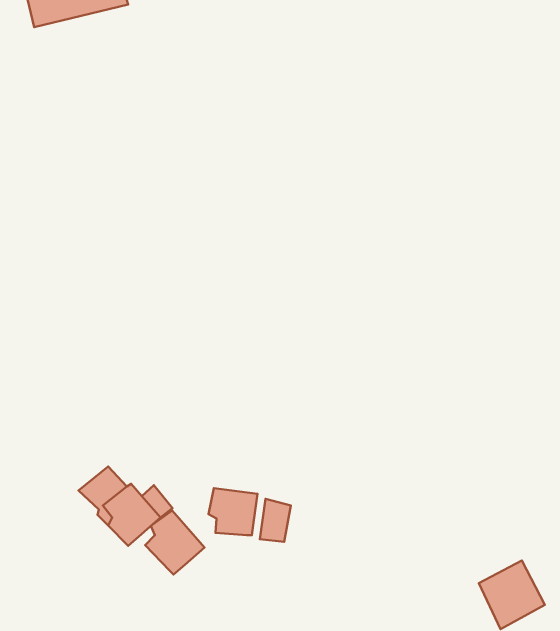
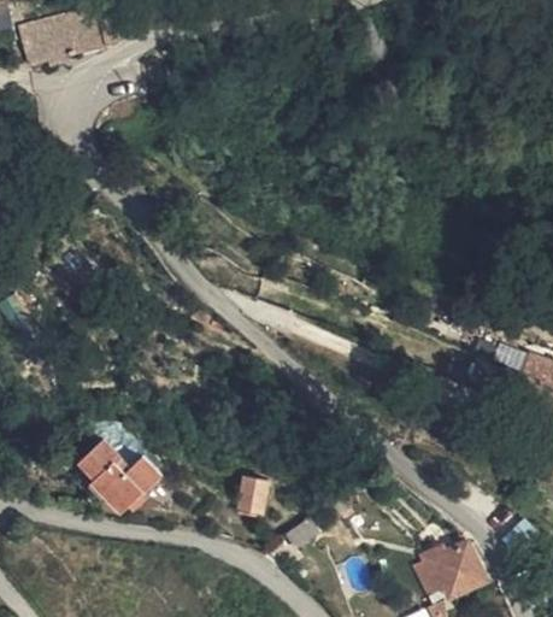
building: [208,488,257,535] -> none
building: [145,510,205,574] -> none

